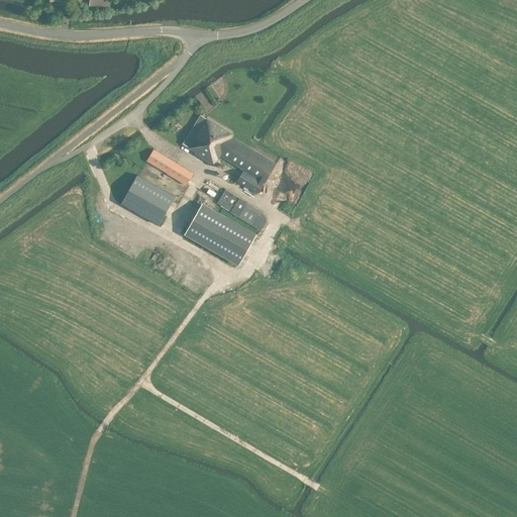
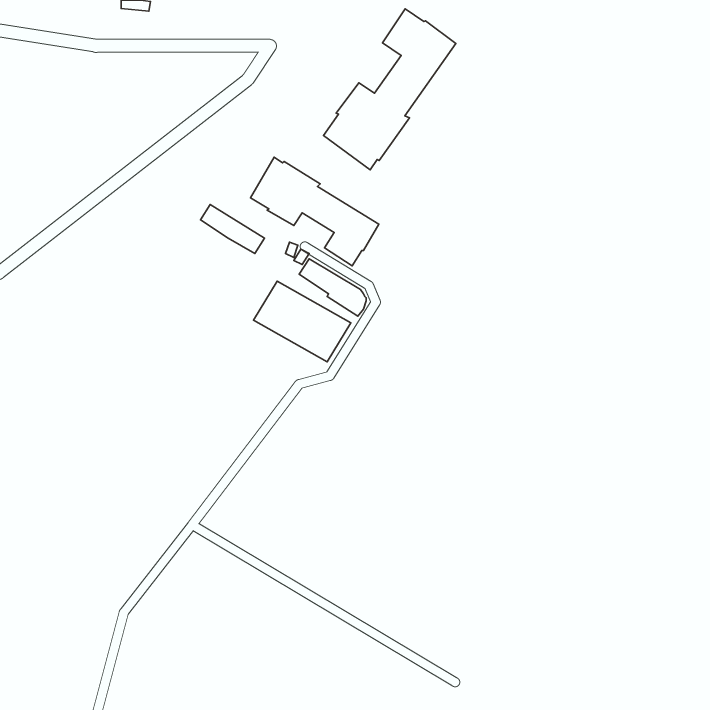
building: none -> [323,9,456,170]
building: [120,175,174,224] -> none

